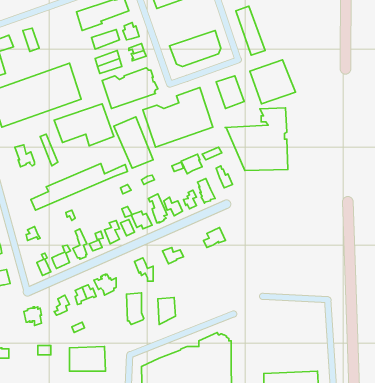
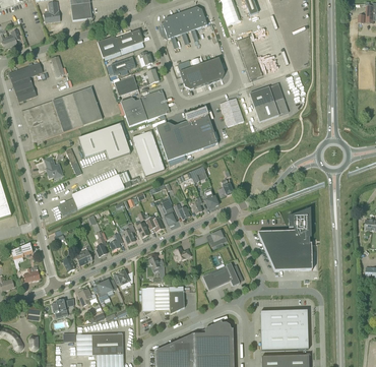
building: [225,108,288,171] -> [257,216,312,270]
building: none -> [202,262,243,290]
building: none -> [260,310,308,351]

